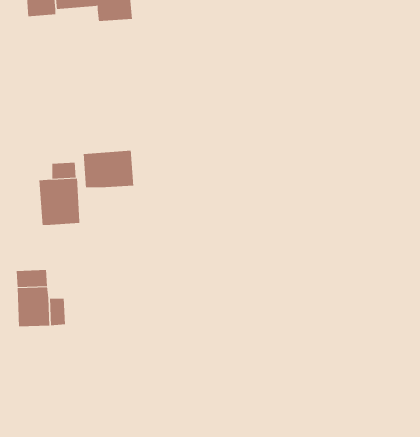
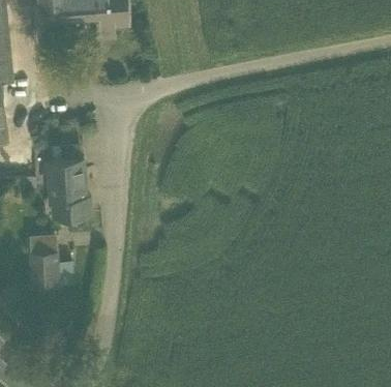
building: [83,150,134,188] -> none
building: none -> [54,197,88,217]

